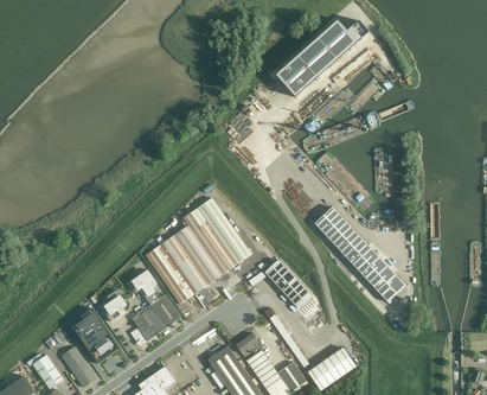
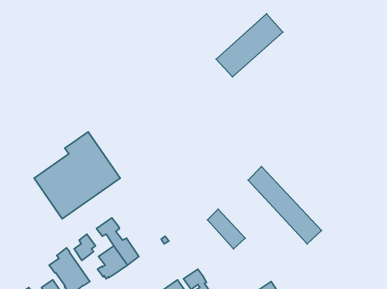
building: [145,197,250,304] -> [34,132,120,219]

